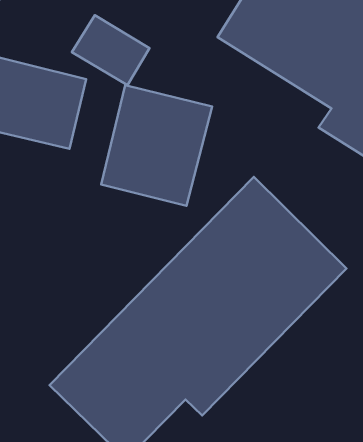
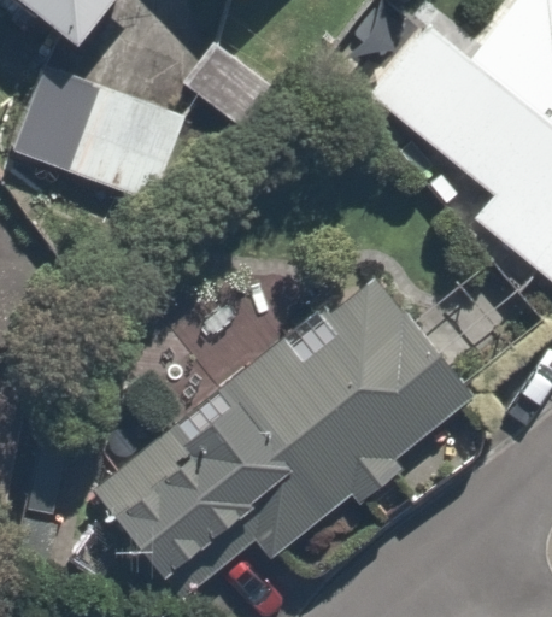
building: [101,85,212,206] -> none

